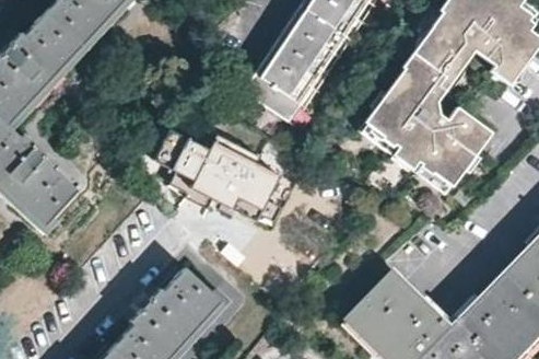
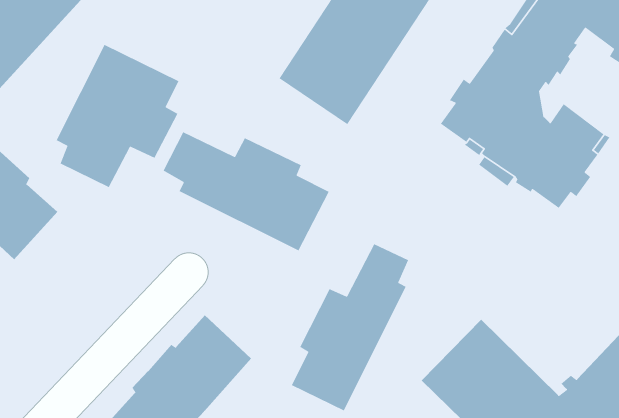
building: none -> [56,44,179,188]
building: none -> [291,243,409,412]

